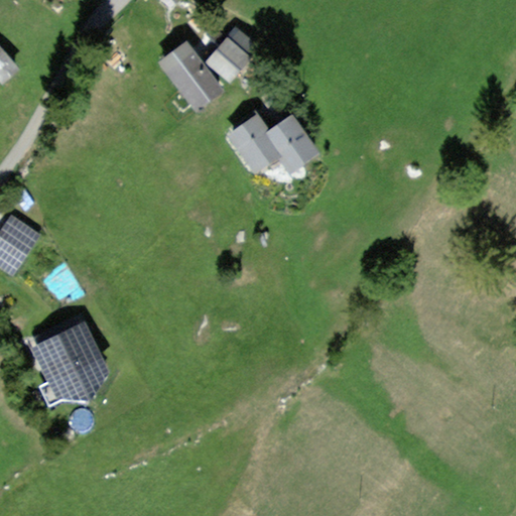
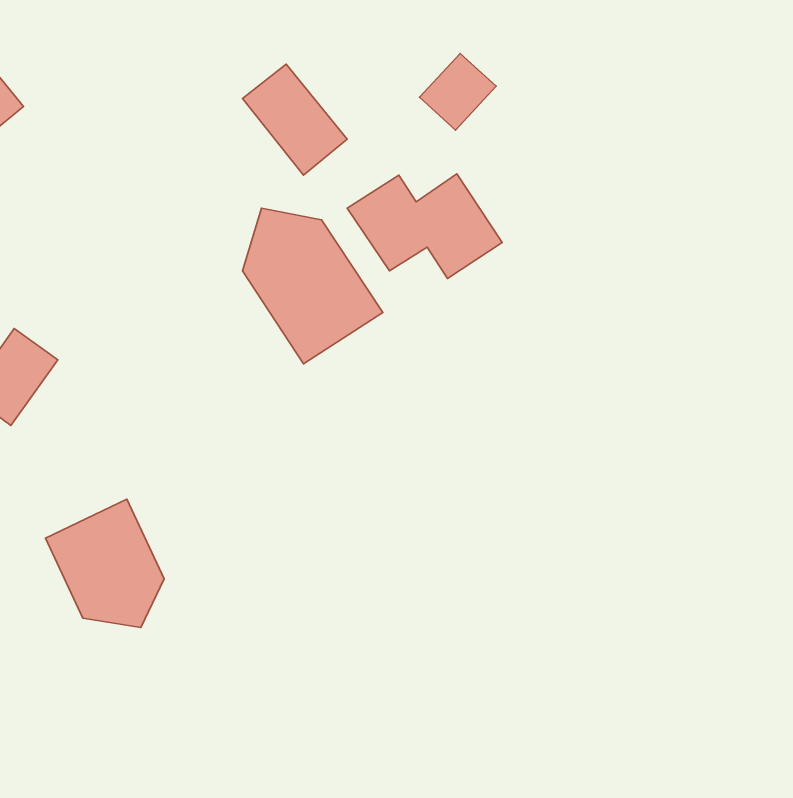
building: [207,31,256,81] -> [419,53,496,130]
building: none -> [242,208,383,364]

